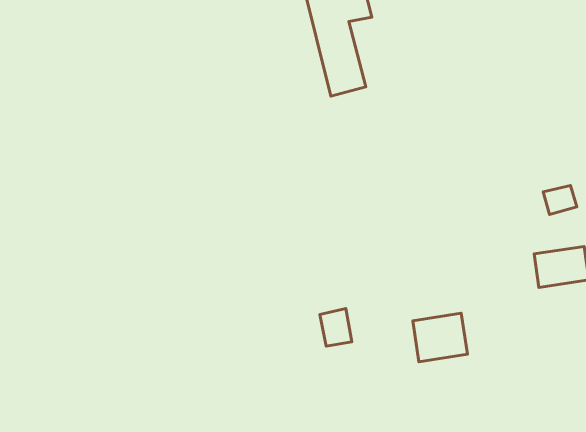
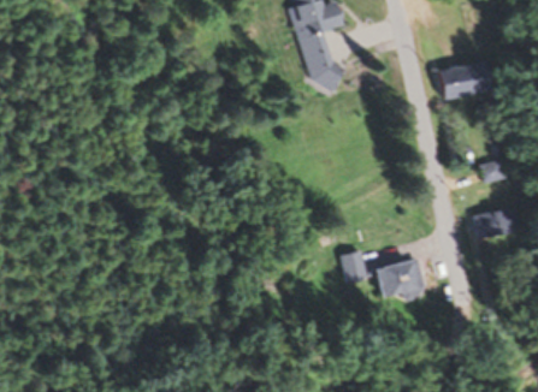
building: none -> [441,61,491,99]
building: [320,308,352,346] -> [342,251,367,281]

